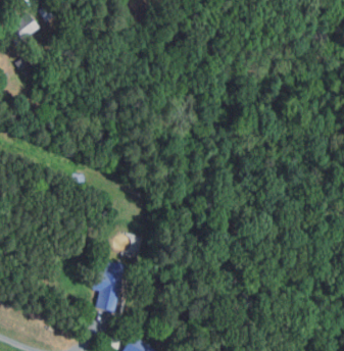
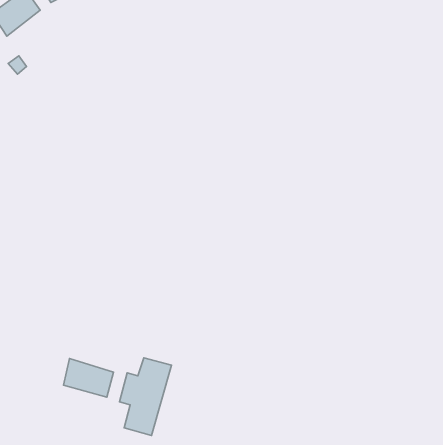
building: none -> [63,358,114,397]

